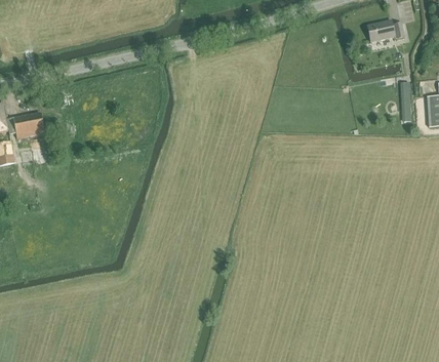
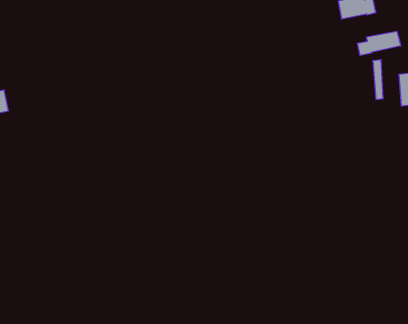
building: none -> [357,31,401,56]

